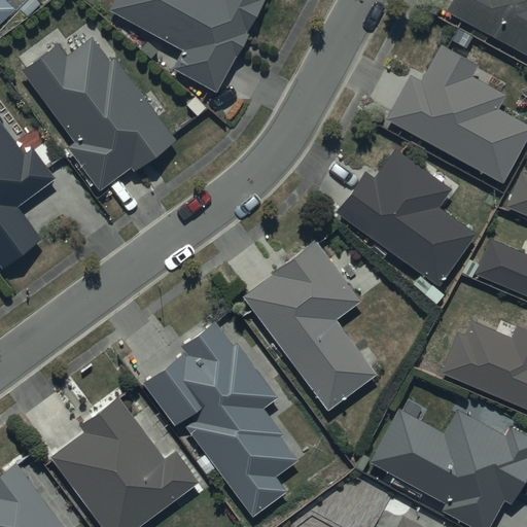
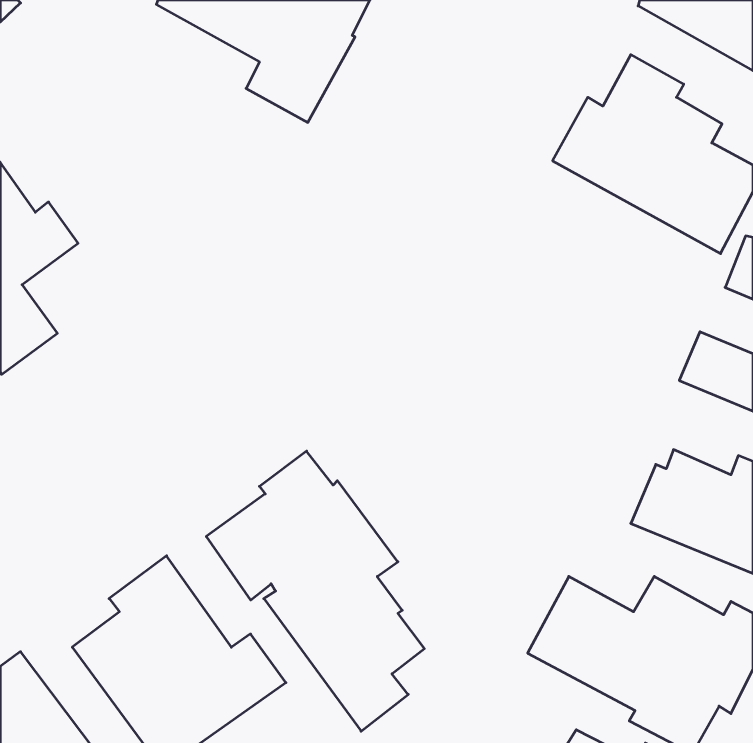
building: [20,38,174,191] -> none
building: [335,149,475,287] -> none
building: [243,240,378,412] -> none

